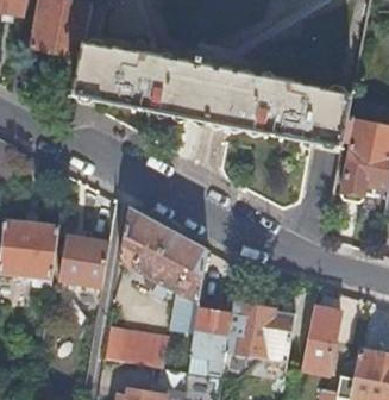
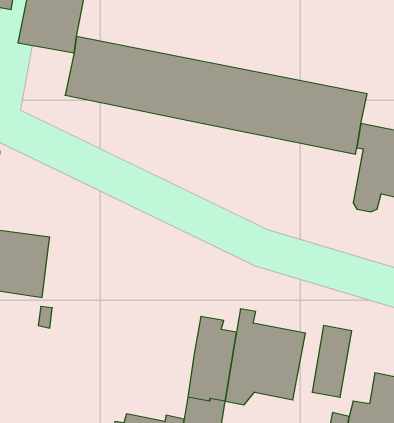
building: [119,207,207,333] -> none
building: [51,233,109,288] -> none
building: [106,325,170,368] -> none

